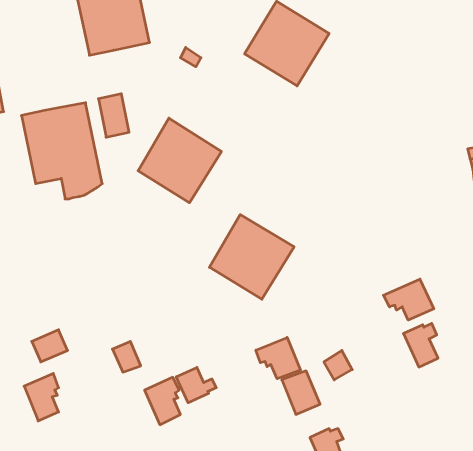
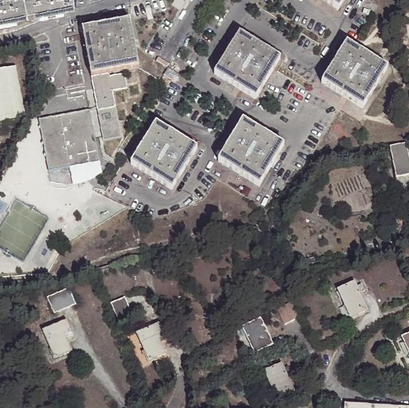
building: none -> [320,37,387,104]
building: none -> [92,67,129,105]
building: [209,215,294,299] -> [218,116,284,182]
building: [383,279,434,320] -> none
building: [256,337,301,379] -> none
building: [176,367,216,403] -> none

